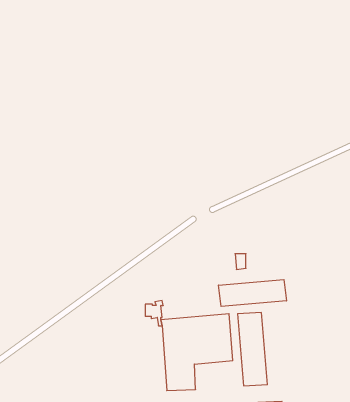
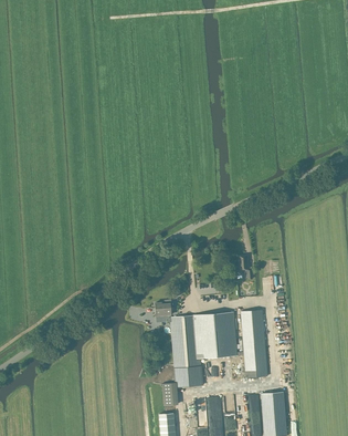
building: [219,280,286,306] -> none

